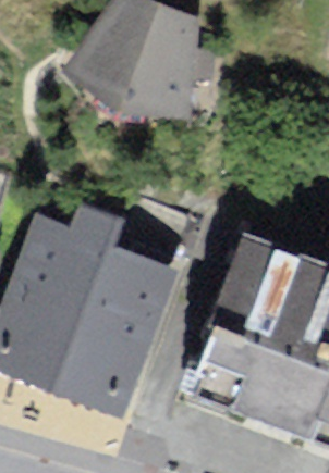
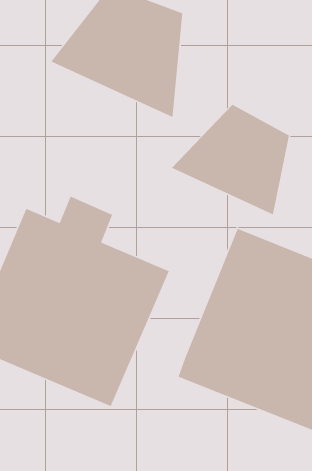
building: none -> [171,104,290,215]

